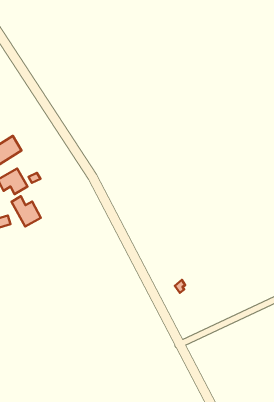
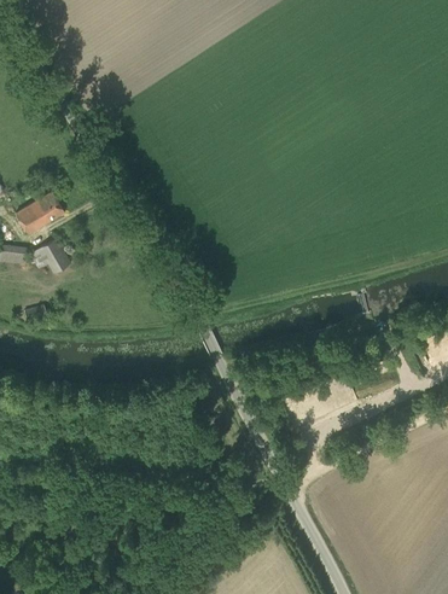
building: [11,196,41,227] -> none

